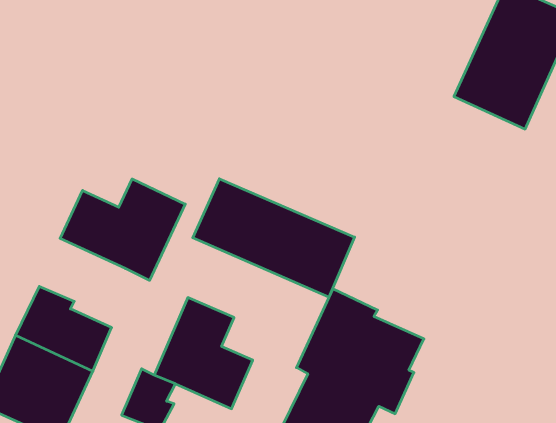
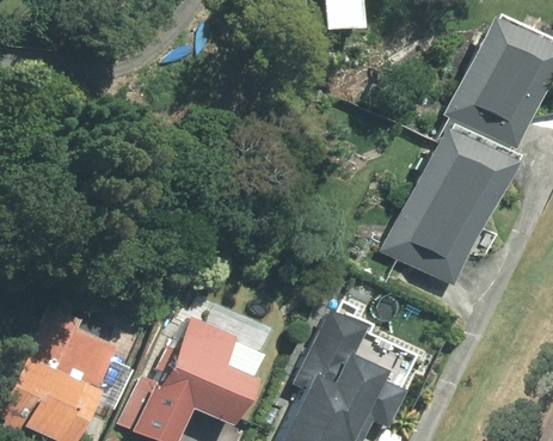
building: none -> [388,124,518,281]
building: [193,179,355,297] -> none
building: [60,179,185,280] -> none

